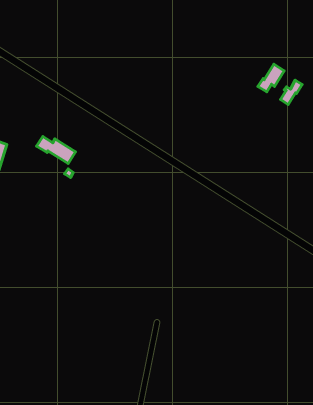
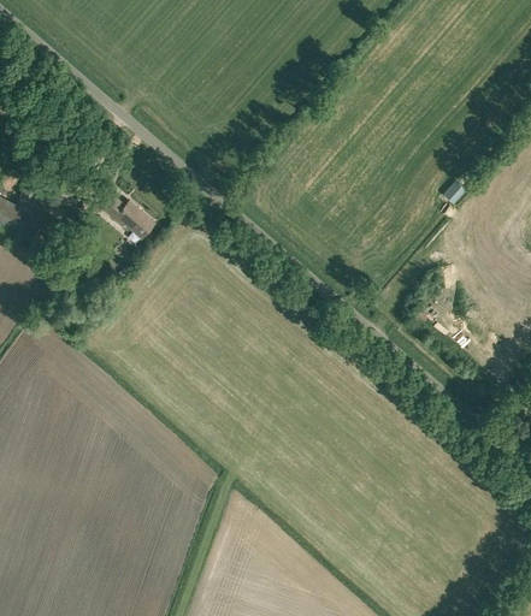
building: [258,64,284,92] -> none

